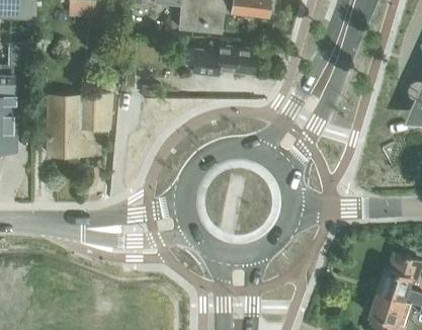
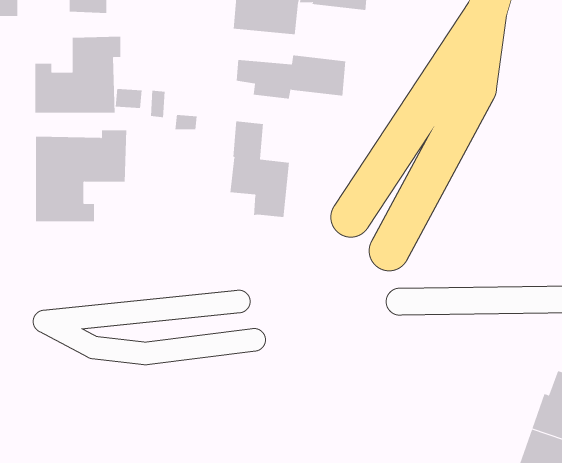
building: none -> [35,36,121,113]
building: none -> [230,121,289,218]

